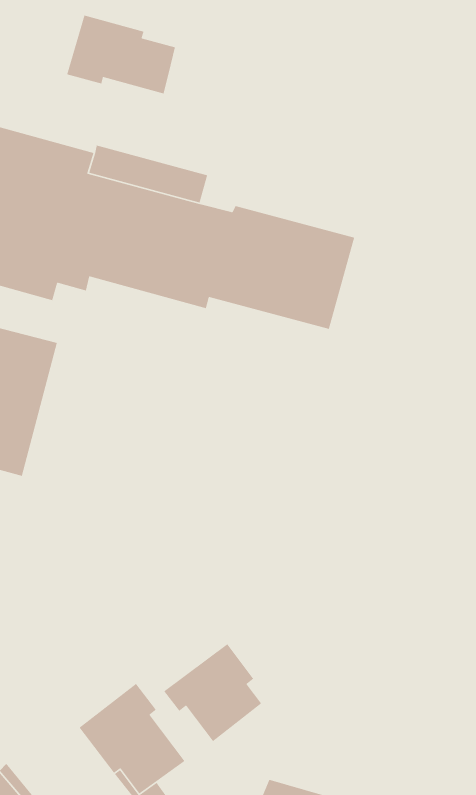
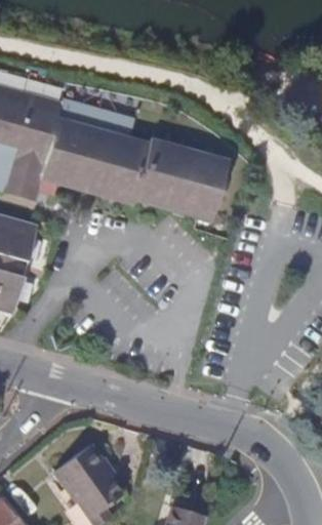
building: [66,15,176,95] -> none
building: [163,643,262,742] -> none

